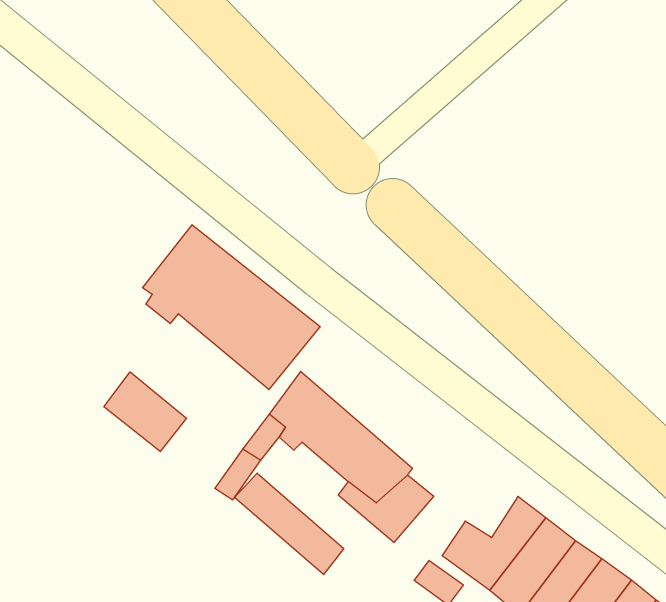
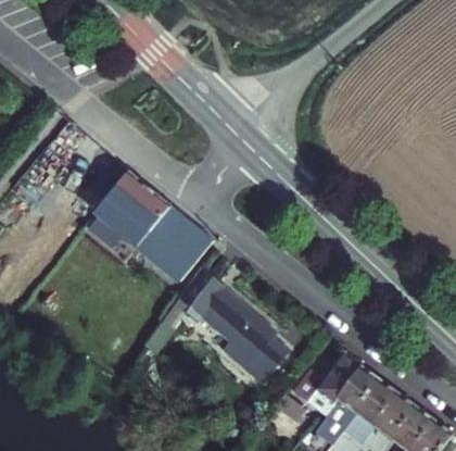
building: [104,372,187,452] -> none
building: [235,473,344,575] -> none

